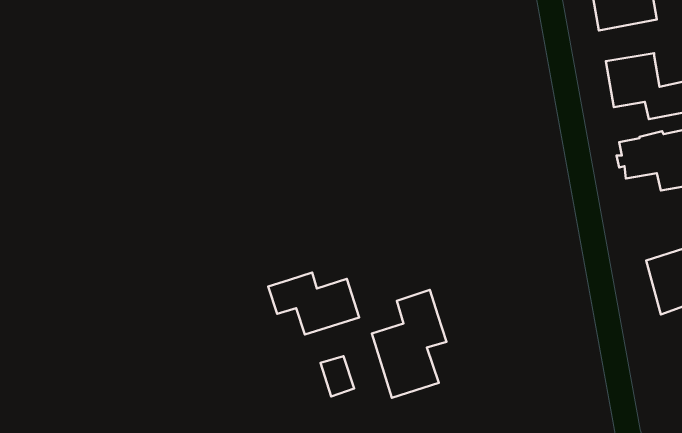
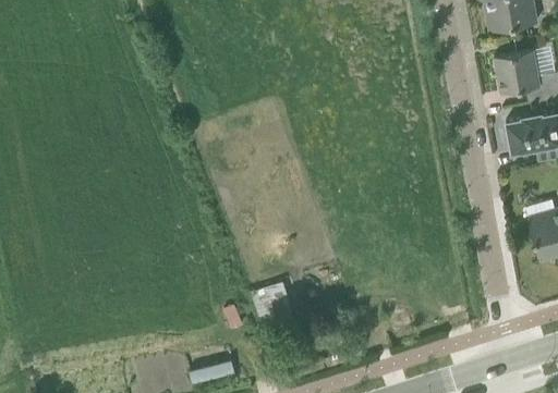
building: [268,272,359,334] -> none
building: [372,290,447,398] -> none

